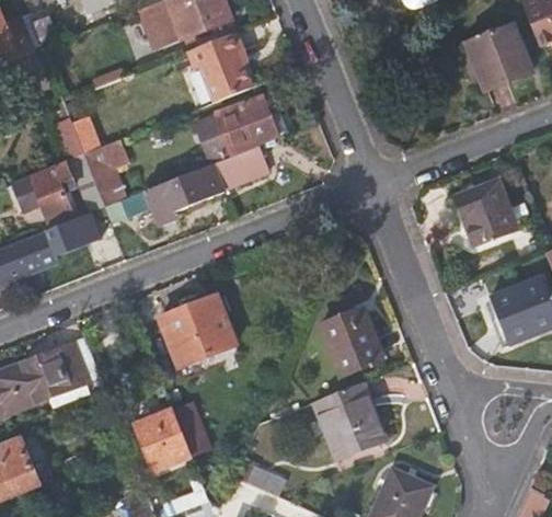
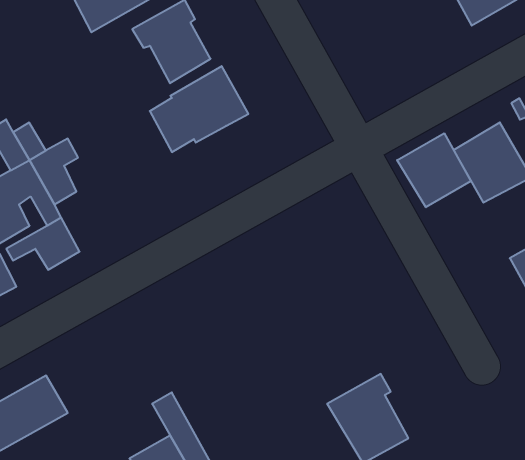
building: [142,147,269,215] -> none
building: none -> [397,133,471,207]
building: [160,295,240,375] -> none
building: [319,307,383,375] -> none

